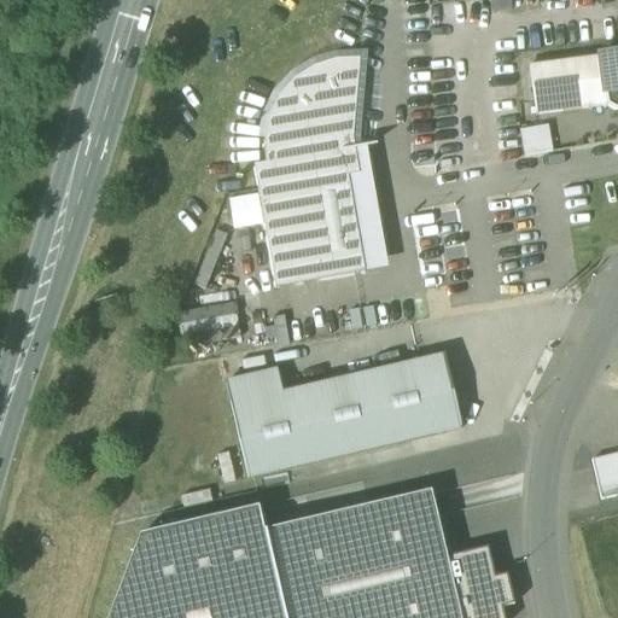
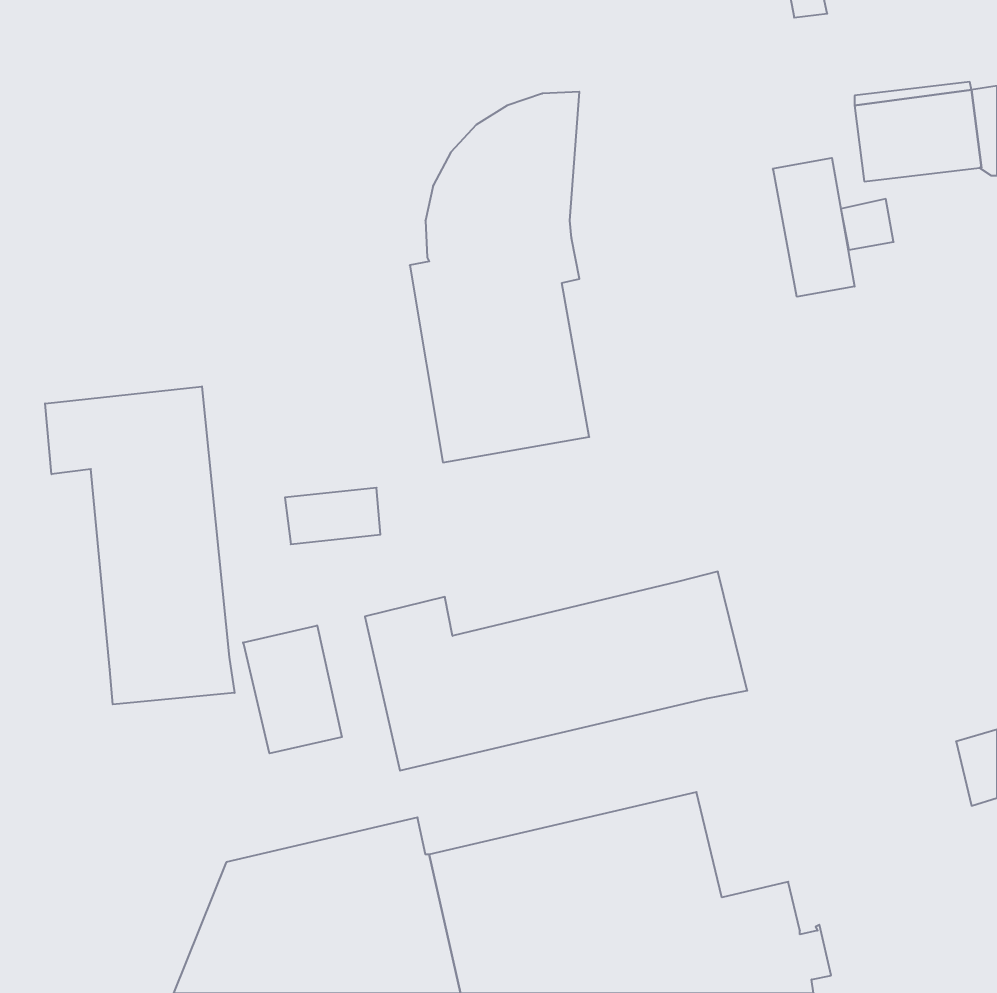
building: none -> [773,158,855,297]
building: [348,146,387,270] -> none
building: none -> [45,386,235,704]
building: none -> [243,625,342,753]

